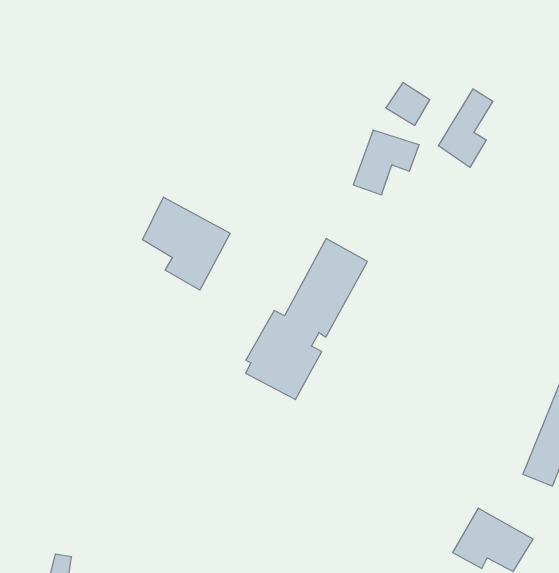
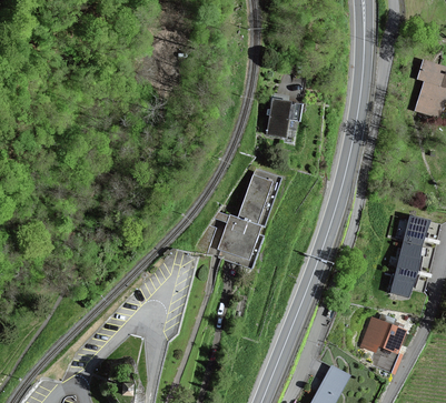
building: [438,89,493,167] -> none
building: [143,197,230,290] -> none

